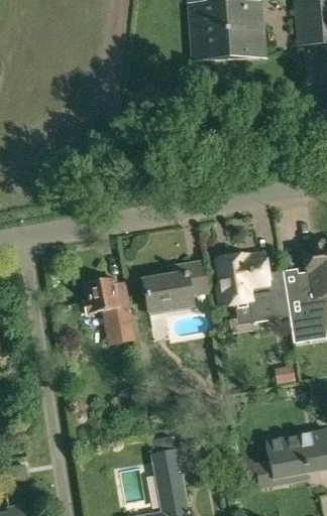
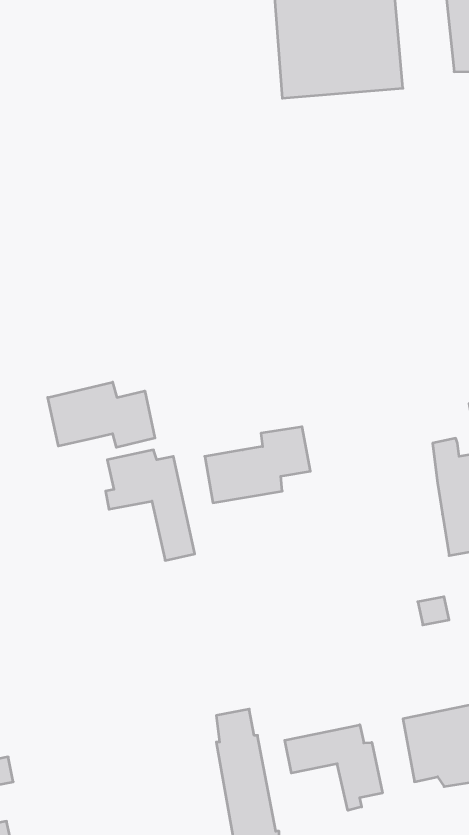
building: none -> [48,382,155,447]
building: [217,254,289,321] -> none
building: none -> [285,725,382,810]

